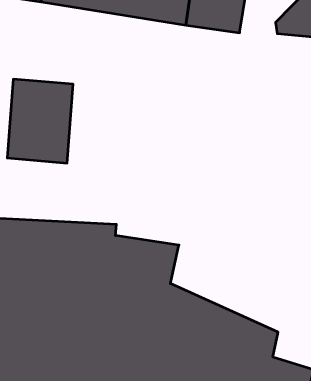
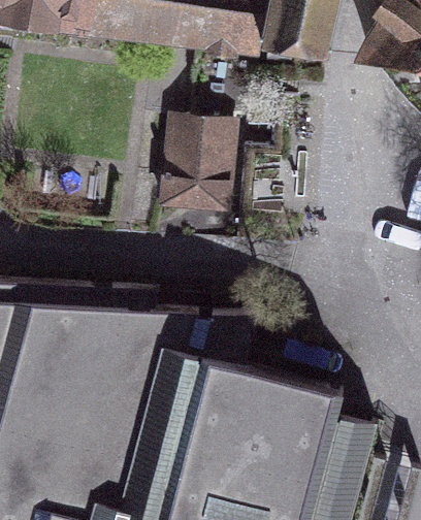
building: [7,79,73,163] -> [155,117,234,218]

